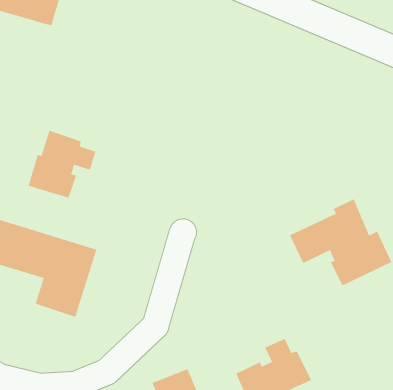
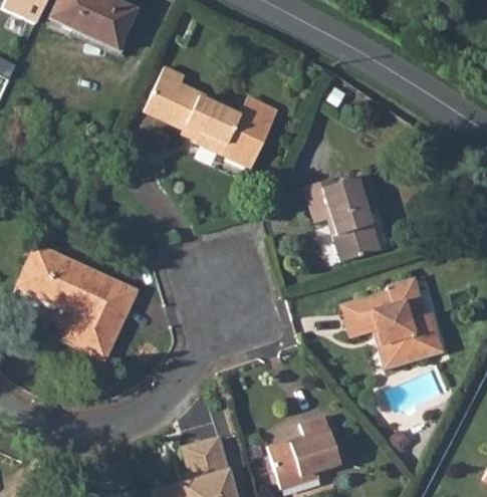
building: none -> [144,68,269,166]
building: none -> [304,173,382,263]
building: [28,130,96,198] -> none

